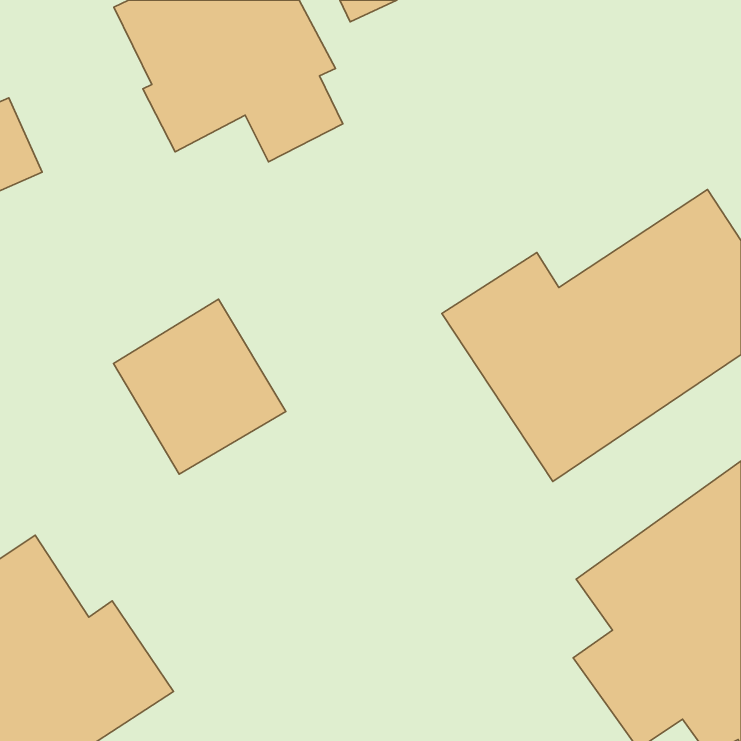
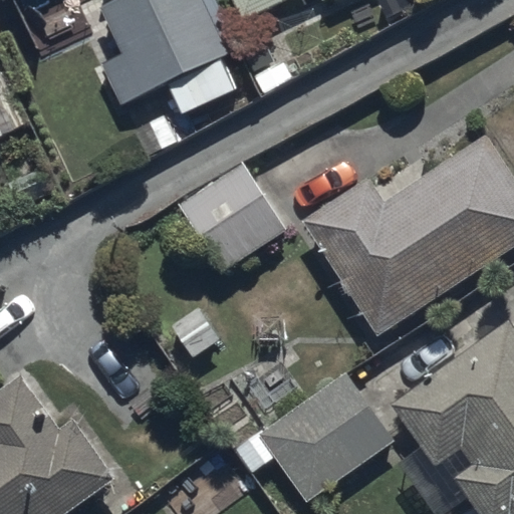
building: [114,299,286,474] -> [170,156,288,276]
building: none -> [235,372,395,503]

